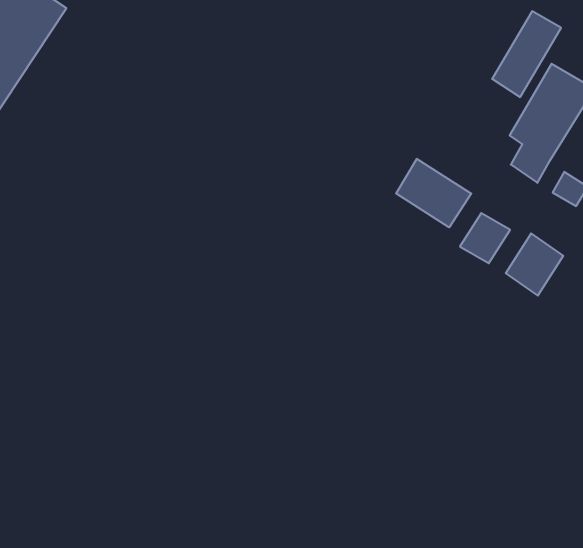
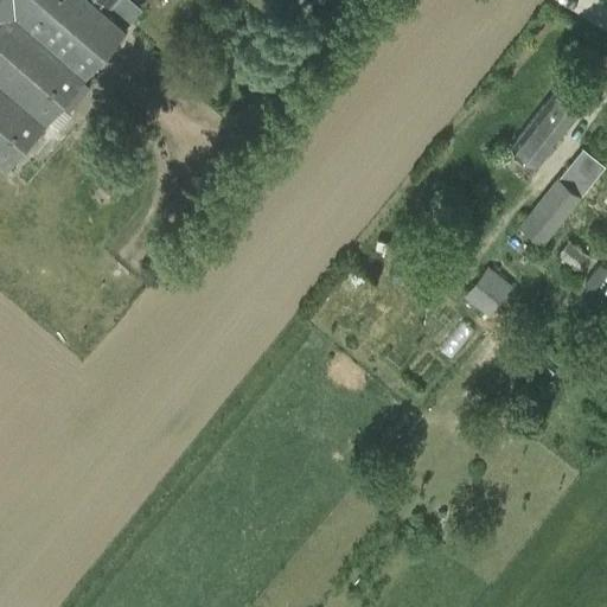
building: [396,159,471,227] -> none
building: [506,233,563,296] -> none

